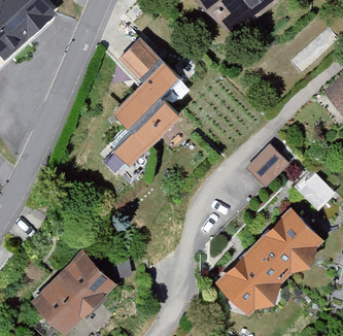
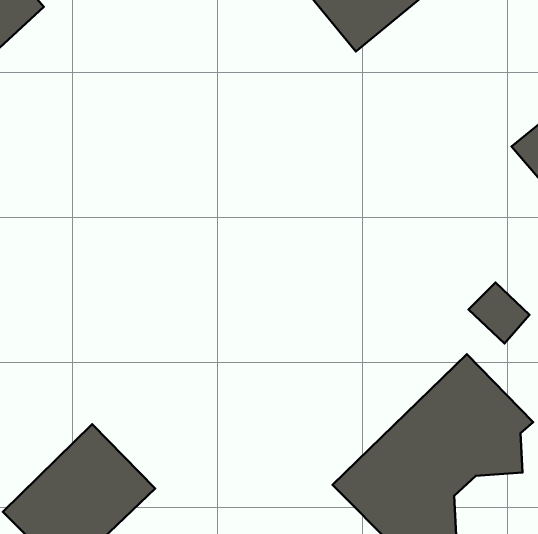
building: [111,39,187,174] -> none
building: [246,138,288,181] -> none

